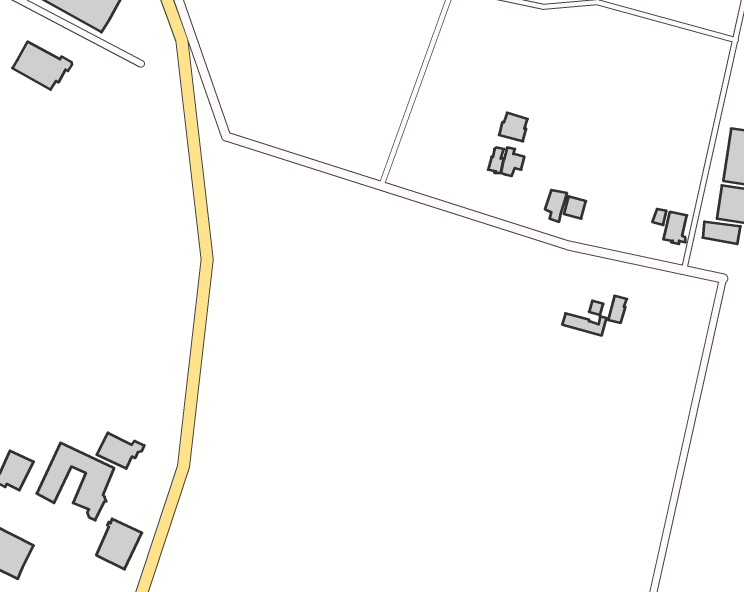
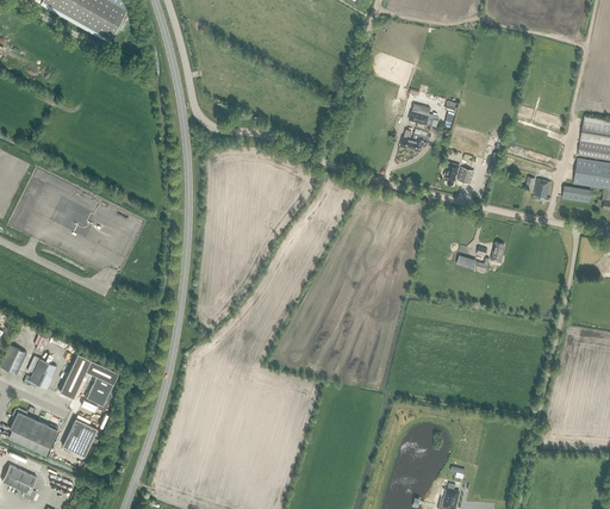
building: [12,42,72,90] -> none
building: [97,433,144,469] -> none
building: [96,519,142,569] -> [63,417,98,455]

